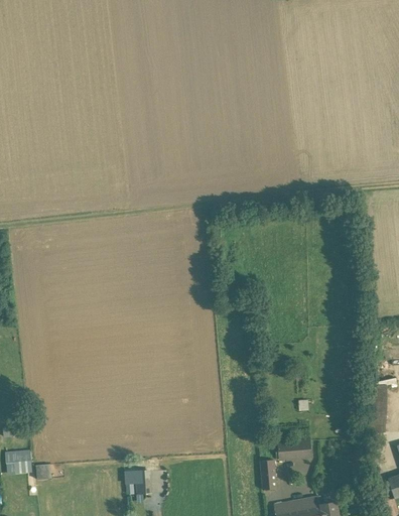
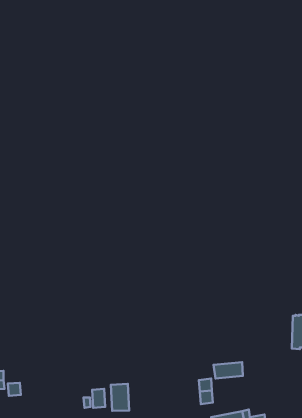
building: none -> [111,384,129,411]

